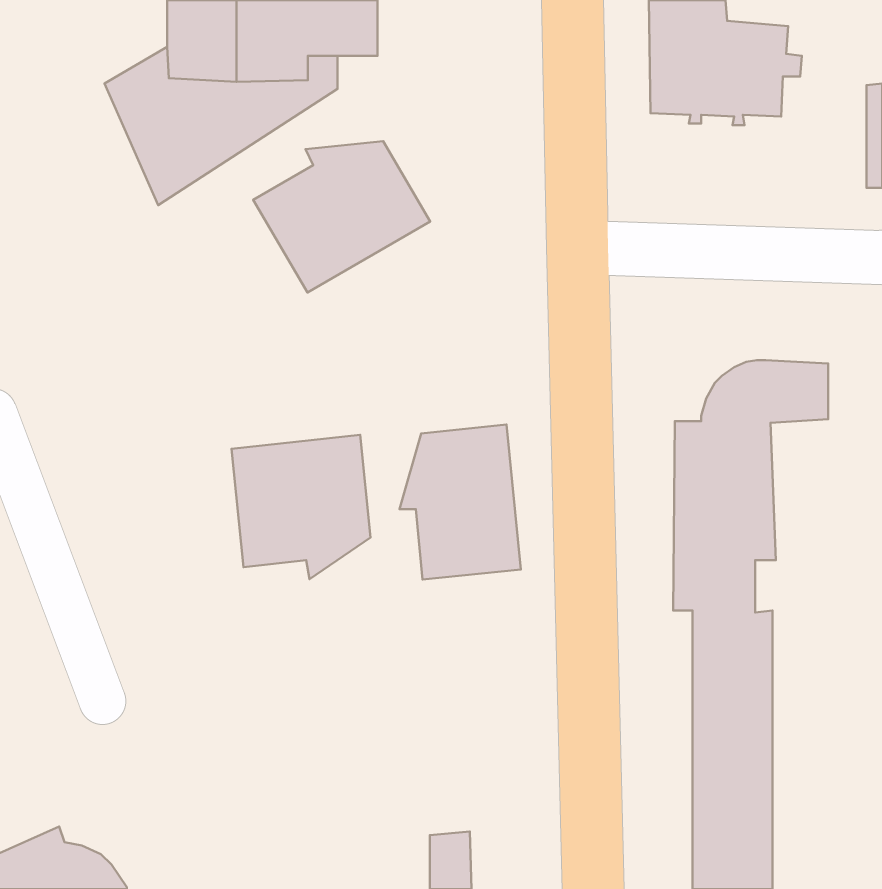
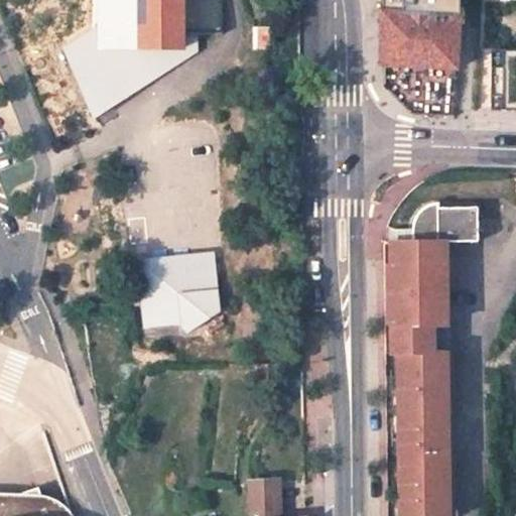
building: [253,141,430,293] -> none
building: [399,425,521,580] -> none

